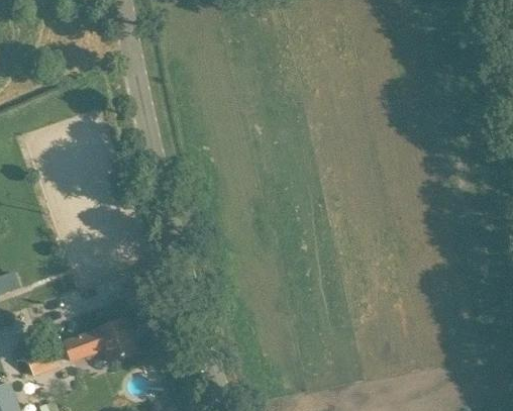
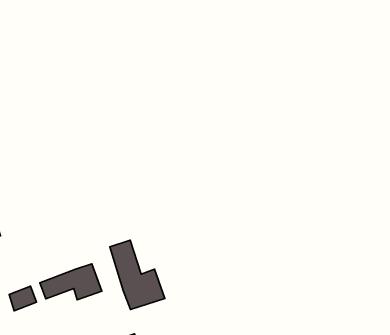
building: none -> [110,240,165,309]

